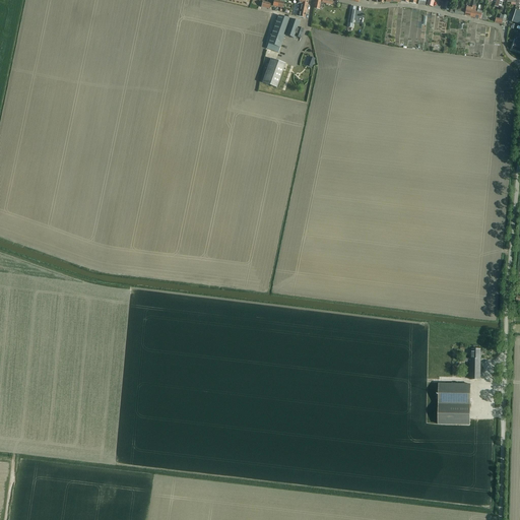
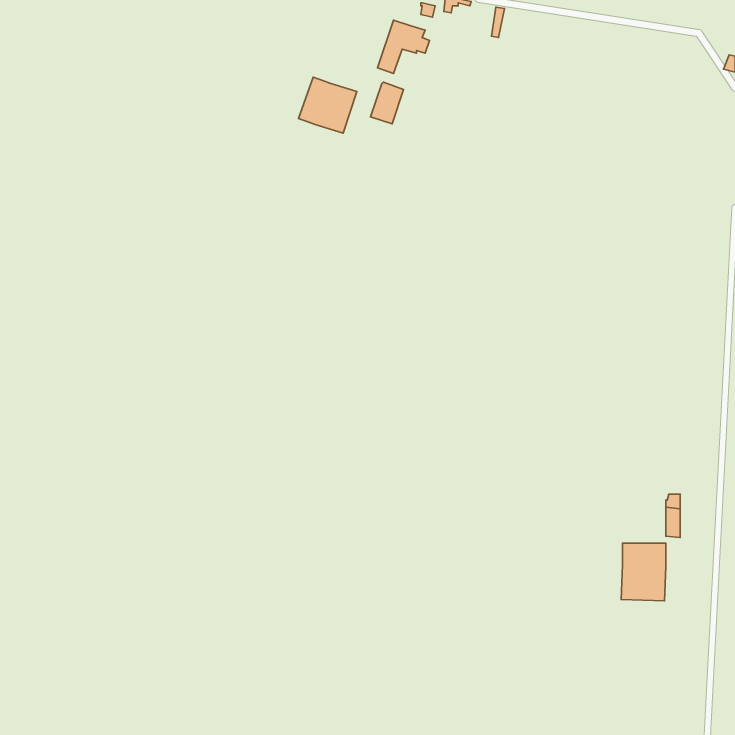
building: none -> [299,77,357,133]

